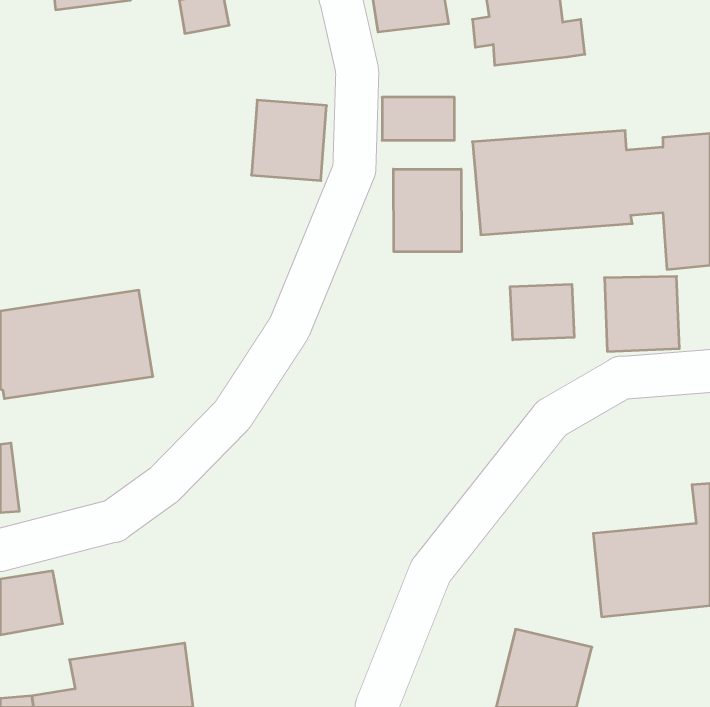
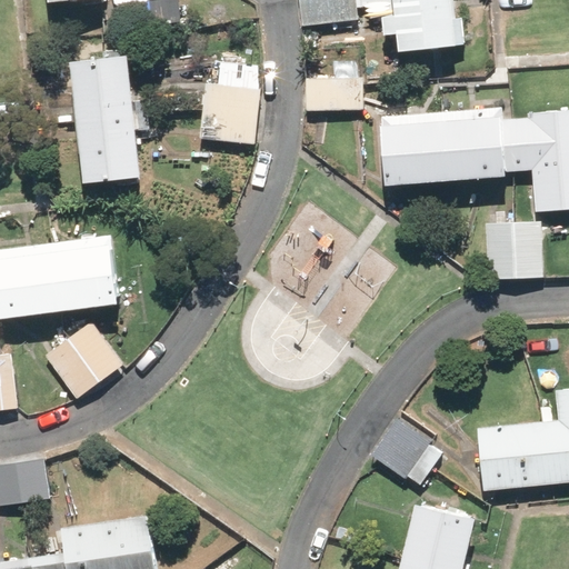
building: none -> [64,56,139,188]
building: [393,169,461,252] -> none
building: [510,284,574,340] -> none
building: none -> [44,321,122,398]
building: none -> [371,416,445,487]

